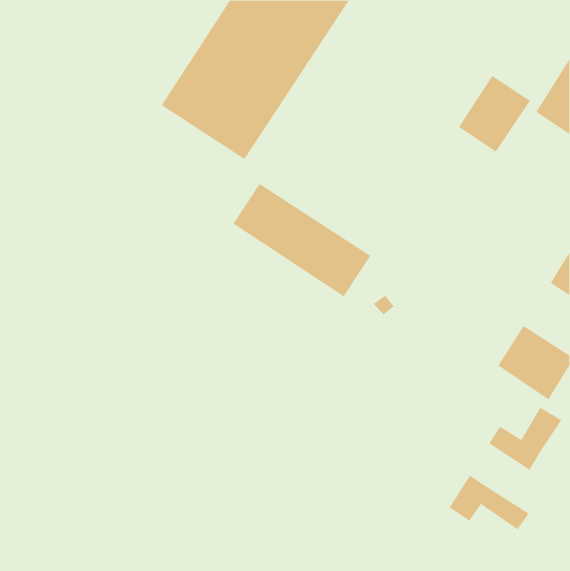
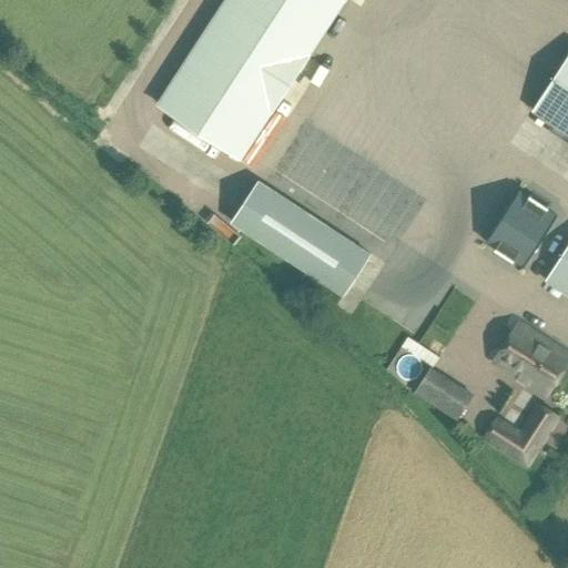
building: [458,75,531,152] -> [486,191,558,267]
building: none -> [413,367,474,424]
building: [449,475,529,530] -> none

